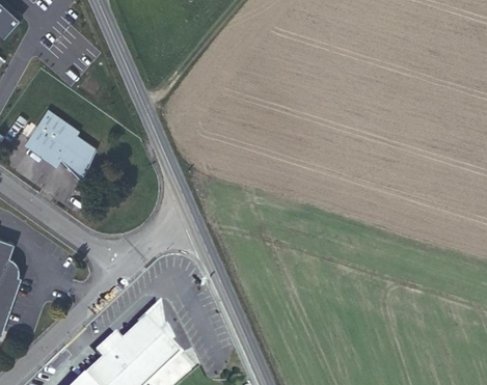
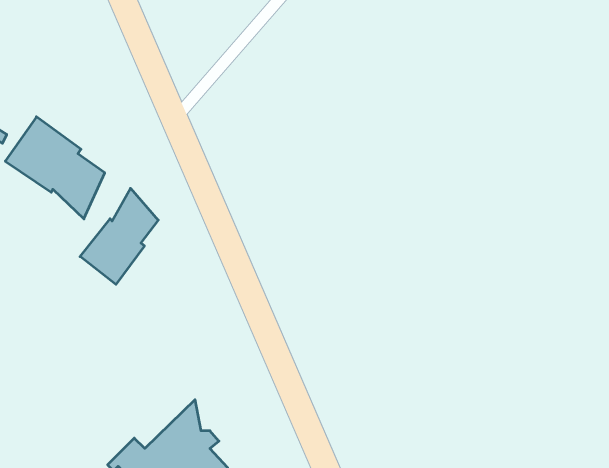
building: none -> [80,188,158,284]

